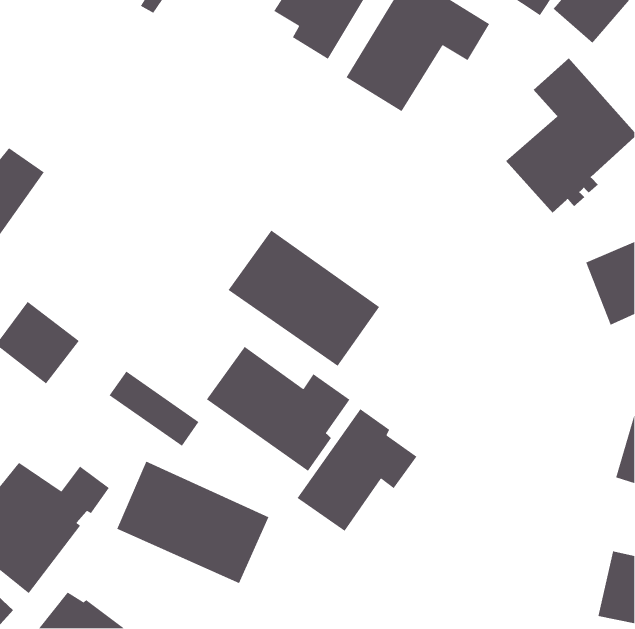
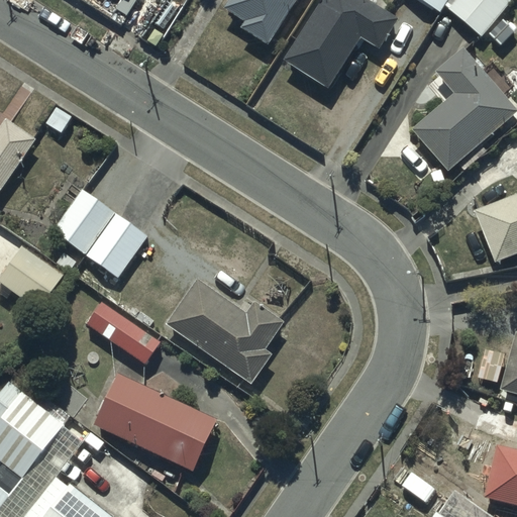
building: [228,230,380,367] -> none
building: none -> [50,188,148,279]
building: [296,408,417,532] -> none

